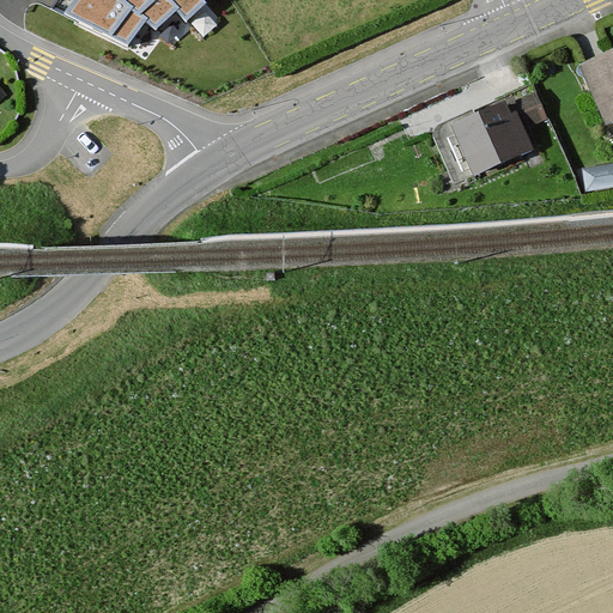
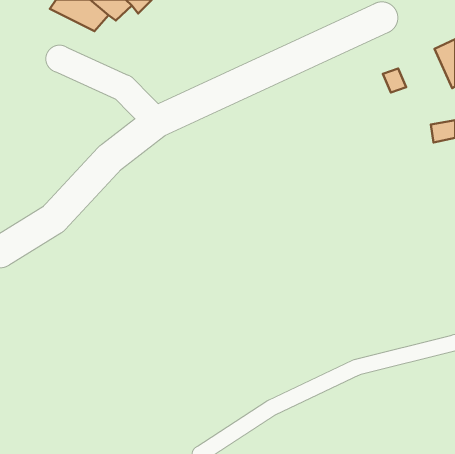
building: [455,105,529,171] -> none

